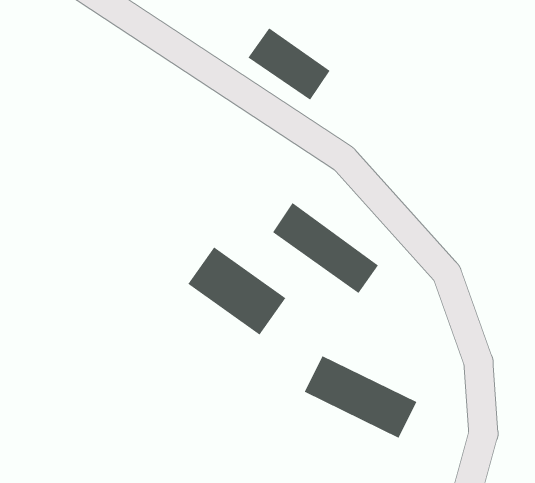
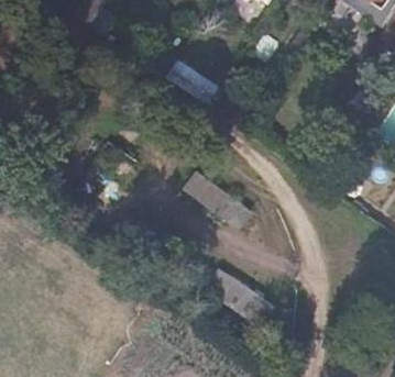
building: [188,247,286,336] -> none

